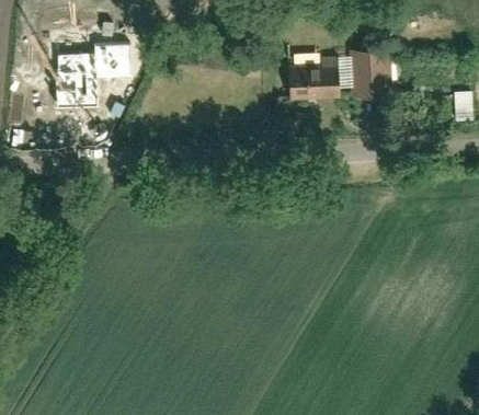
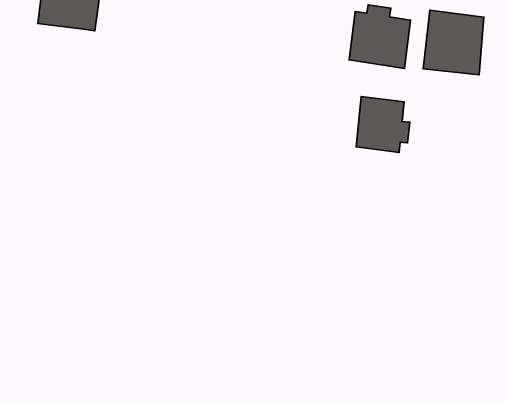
building: none -> [356,96,410,153]

